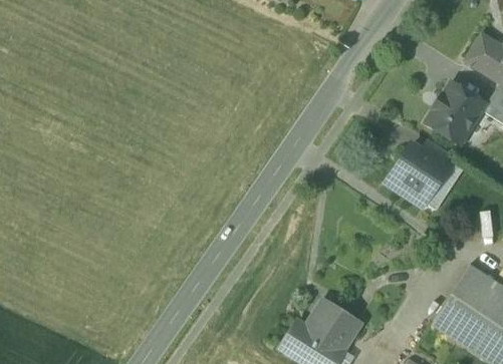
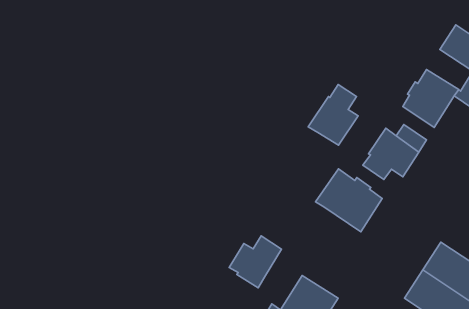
building: none -> [308,85,358,145]
building: none -> [315,169,382,232]
building: none -> [229,236,281,288]

